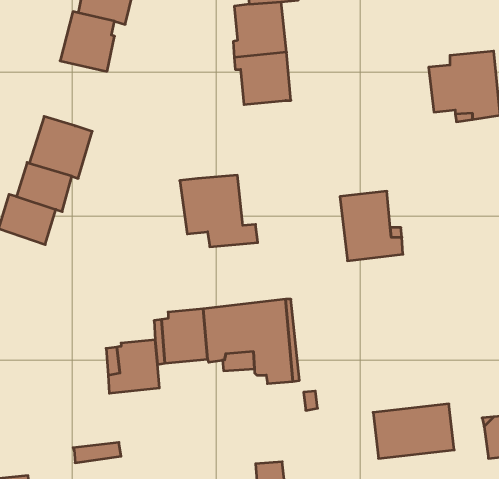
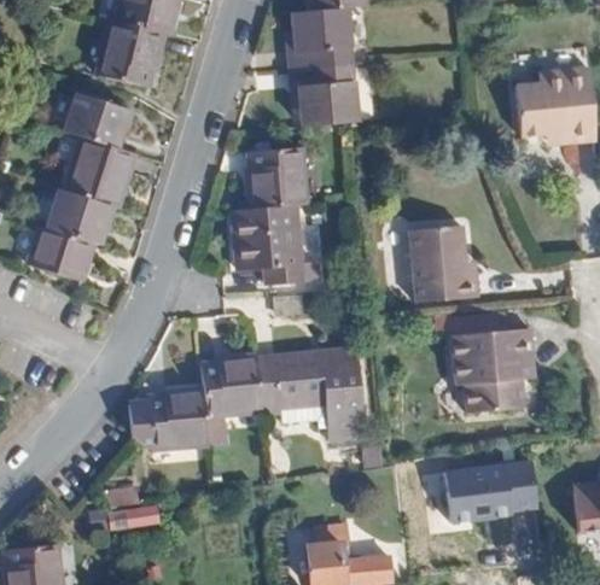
building: none -> [60,95,124,150]
building: none -> [246,146,307,209]
building: none -> [454,306,538,409]

